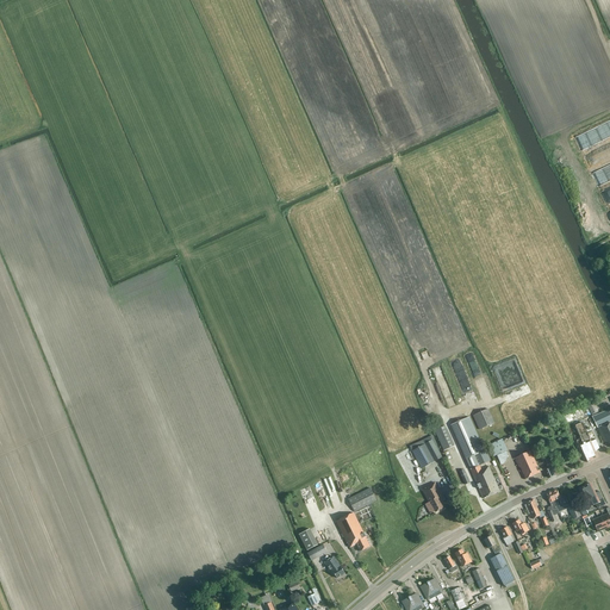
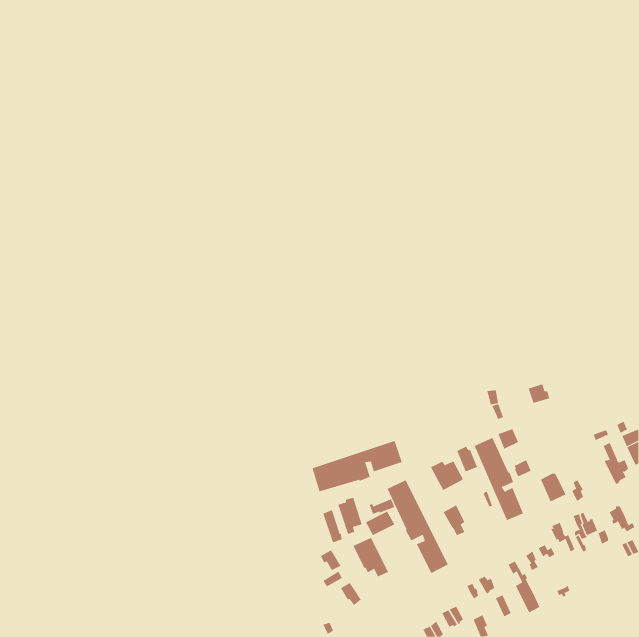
building: none -> [312,440,402,492]
building: none -> [387,480,449,574]

